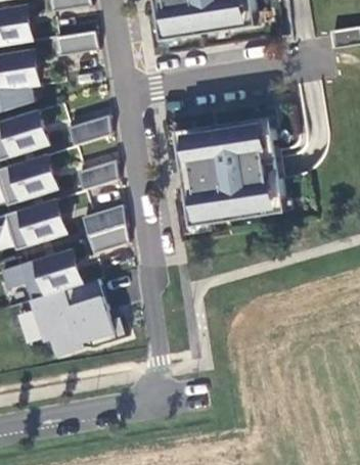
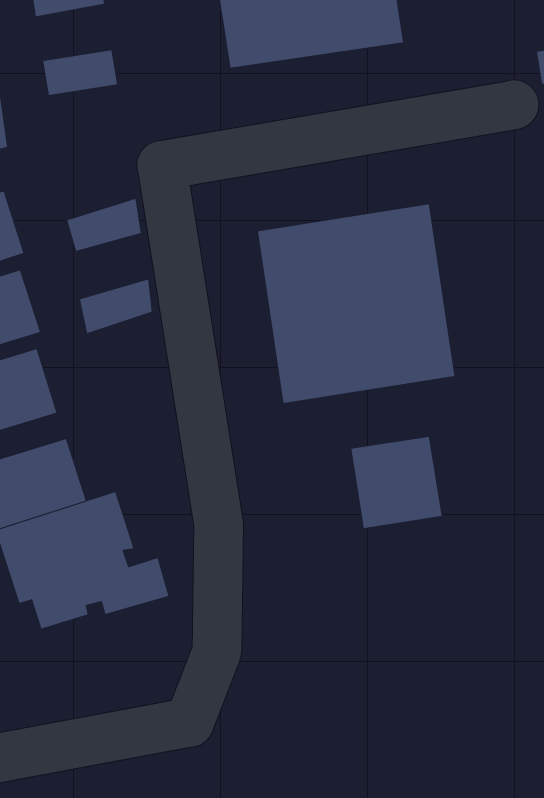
building: [84,202,128,252] -> none
building: none -> [351,436,442,529]

